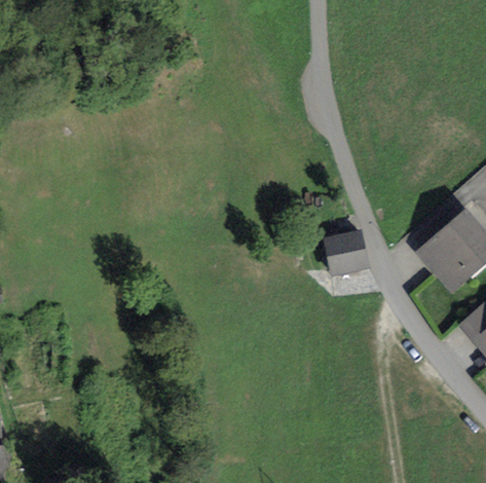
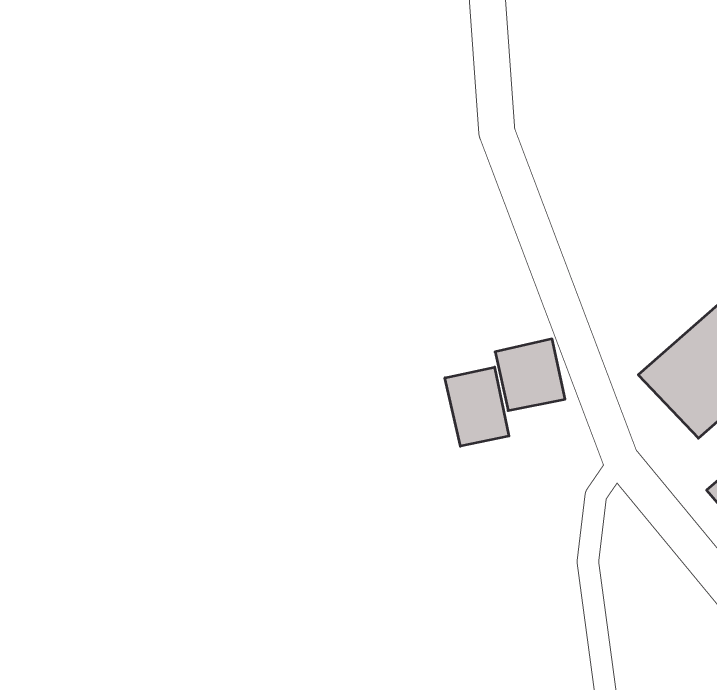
building: none -> [445,367,509,446]

